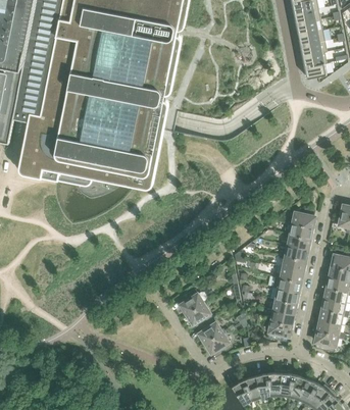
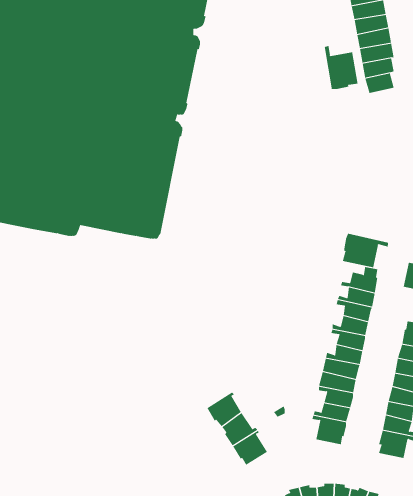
building: none -> [324,45,358,90]
building: none -> [342,233,389,268]
building: [177,290,205,315] -> none

